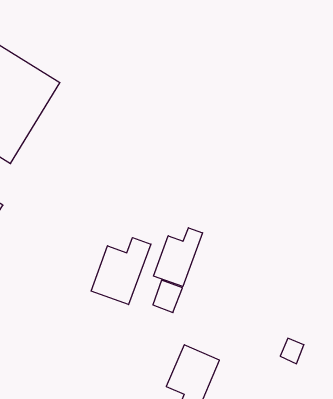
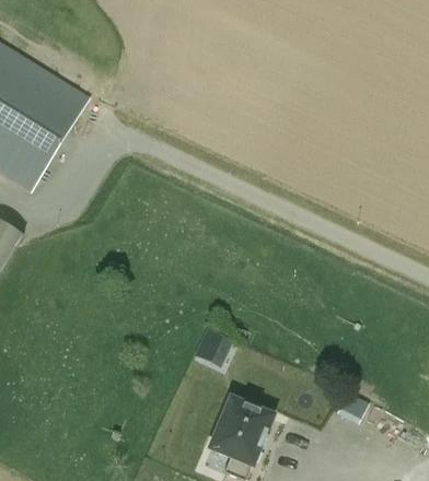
building: [154,228,203,287] -> none
building: [91,238,151,305] -> none

